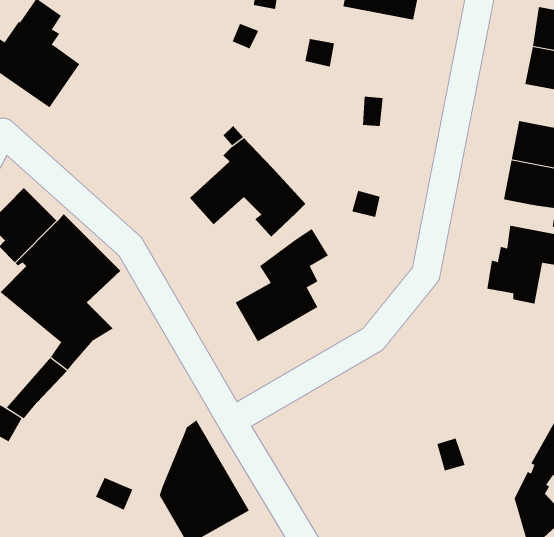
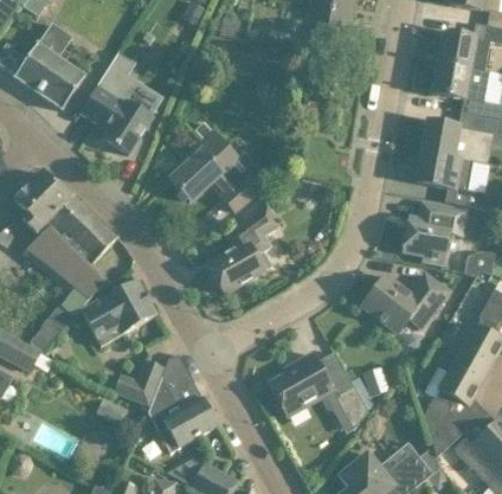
building: none -> [79,72,161,153]
building: none -> [361,274,446,332]
building: none -> [81,280,155,344]
building: none -> [269,351,368,429]
building: none -> [112,359,162,405]

